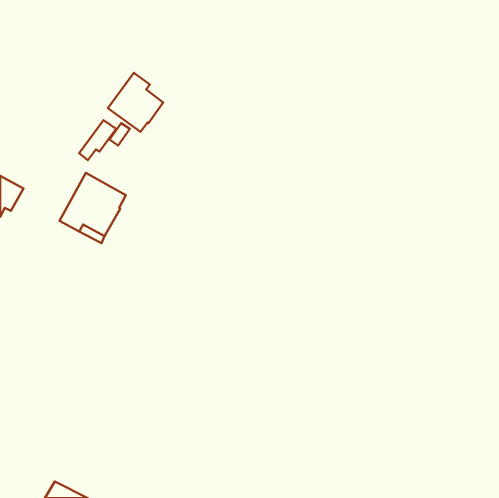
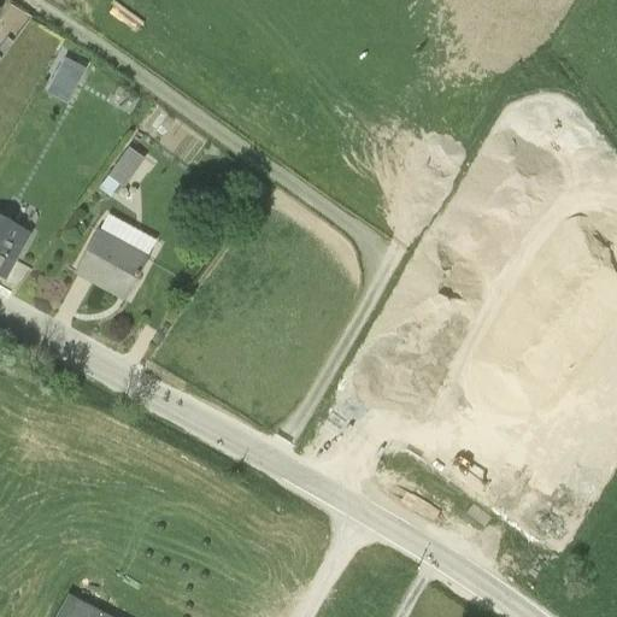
building: none -> [45,58,86,105]
building: [108,73,163,132] -> none

